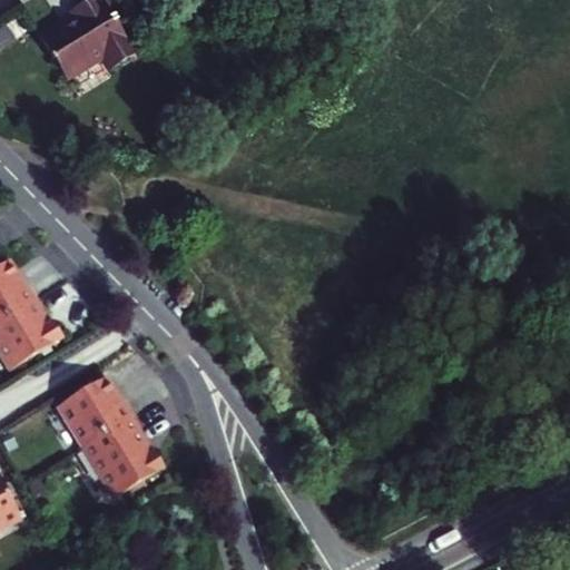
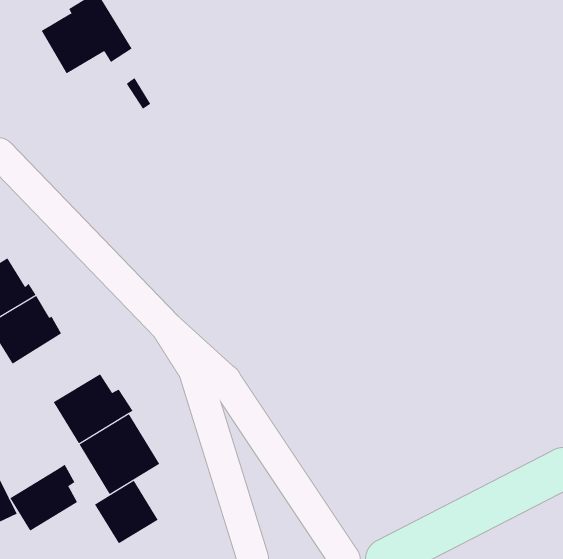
building: none -> [9,464,78,532]
building: none -> [94,480,158,544]

